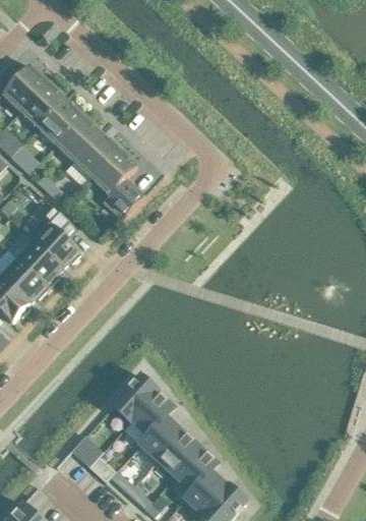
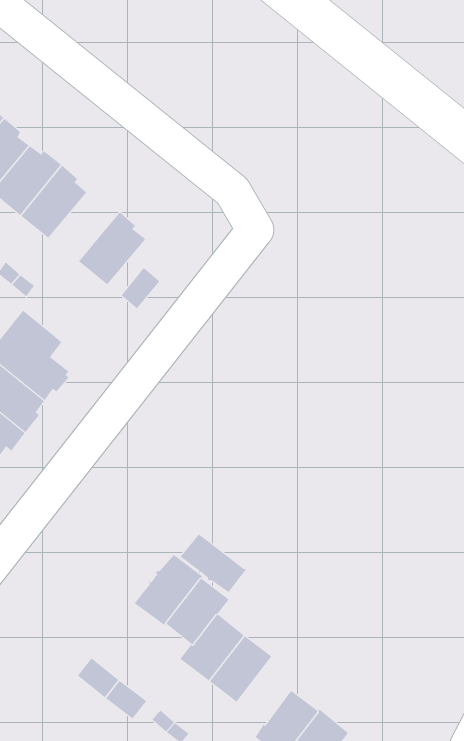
building: [73,132,121,177] -> none
building: none -> [180,533,247,593]
building: [175,447,219,491] -> none

